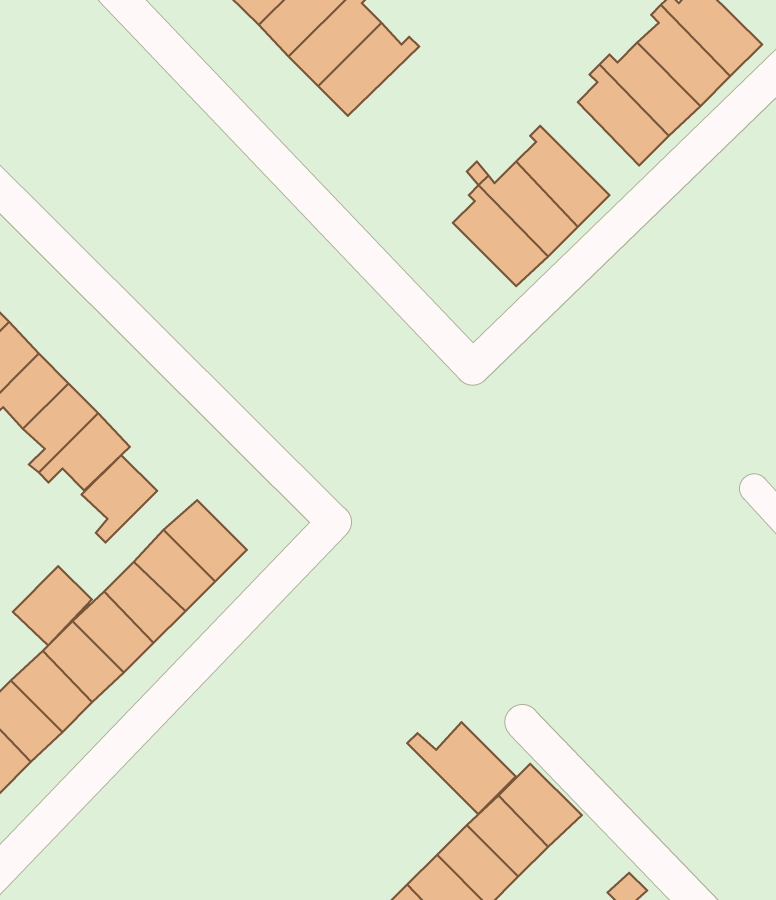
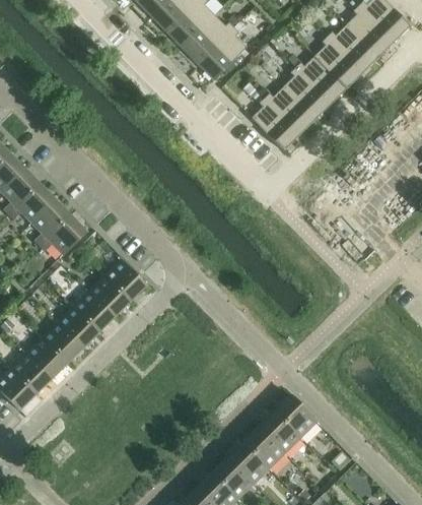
building: none -> [197,28,247,80]
building: none -> [295,57,346,105]
building: [82,455,157,542] -> none
building: [13,566,92,645] -> none
building: [407,722,516,814] -> none

